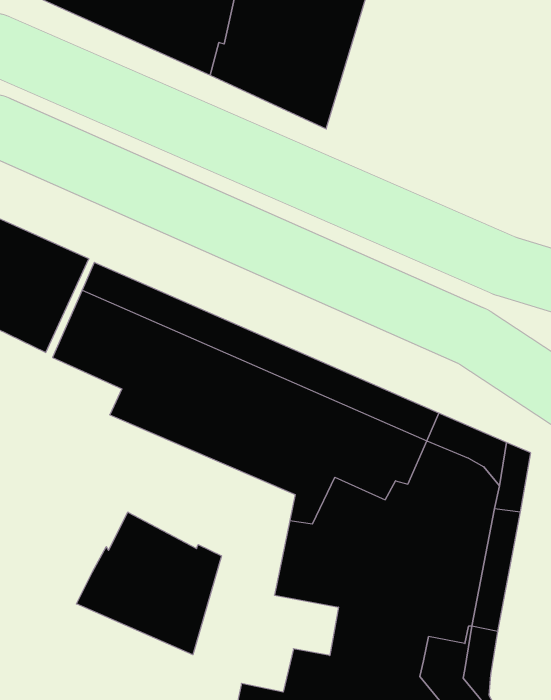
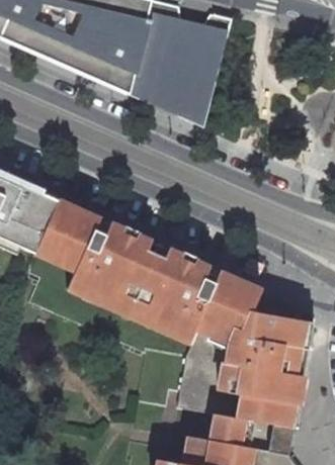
building: [76,512,221,655] -> none

